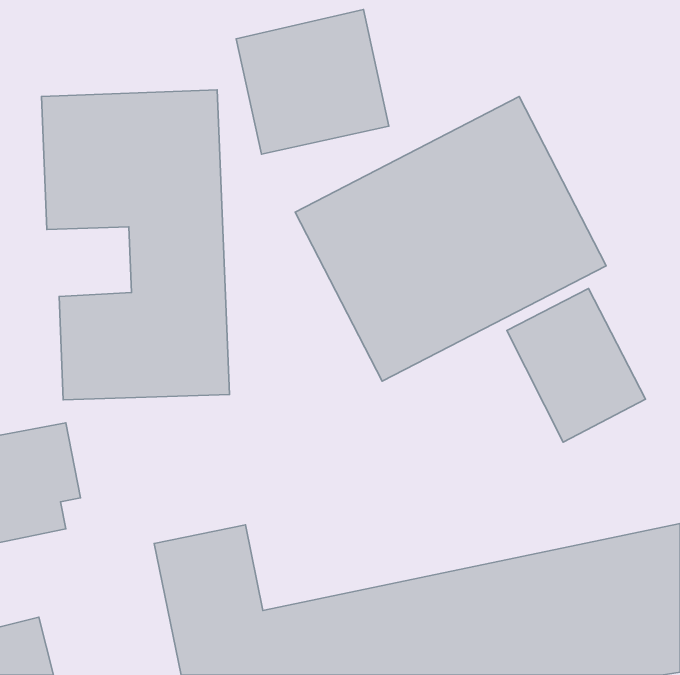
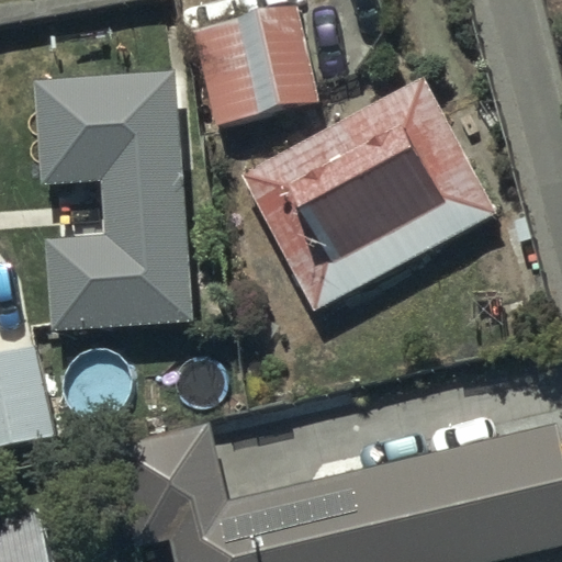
building: [507,288,646,442] -> none

